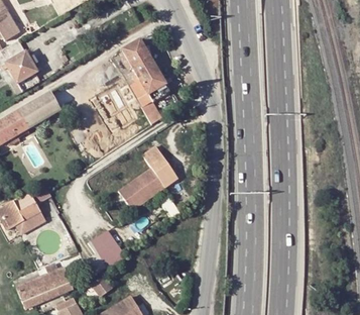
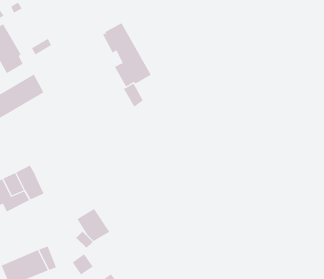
building: [116,139,171,208] -> none

